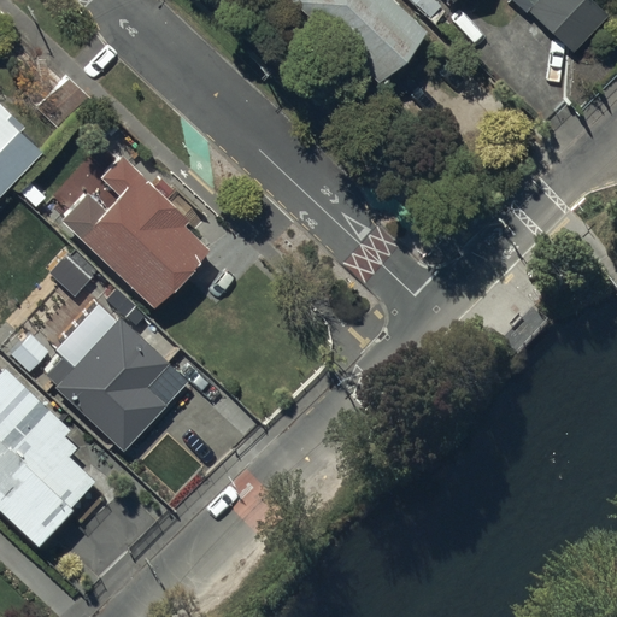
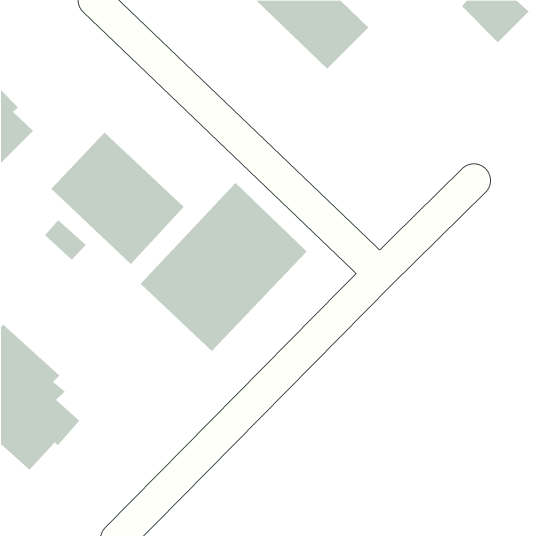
building: none -> [140,182,308,352]
building: [43,313,182,448] -> none

